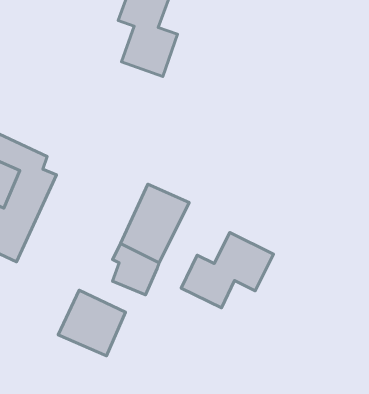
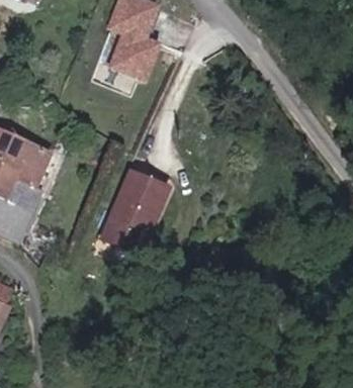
building: [181,233,274,308] -> none
building: [58,290,125,356] -> none

